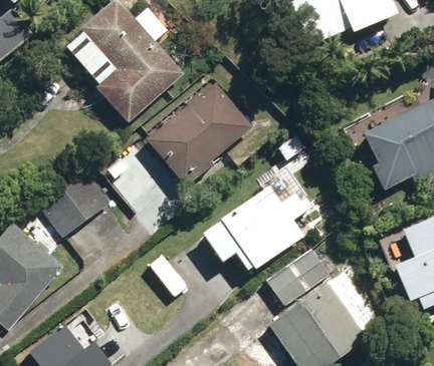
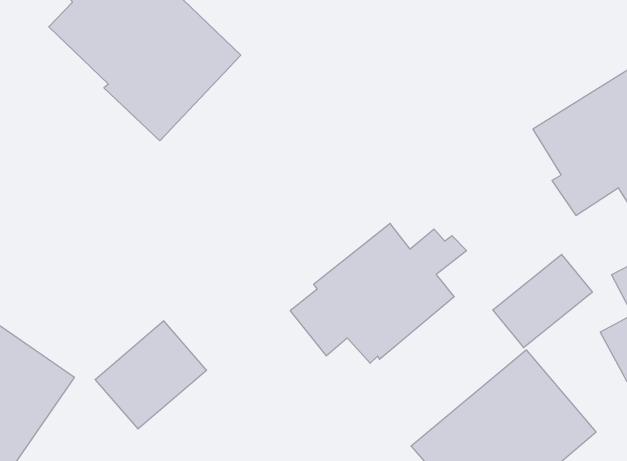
building: [147,83,252,182] -> none
building: [40,168,111,235] -> [95,321,207,429]
building: [268,249,332,305] -> [493,254,592,348]

